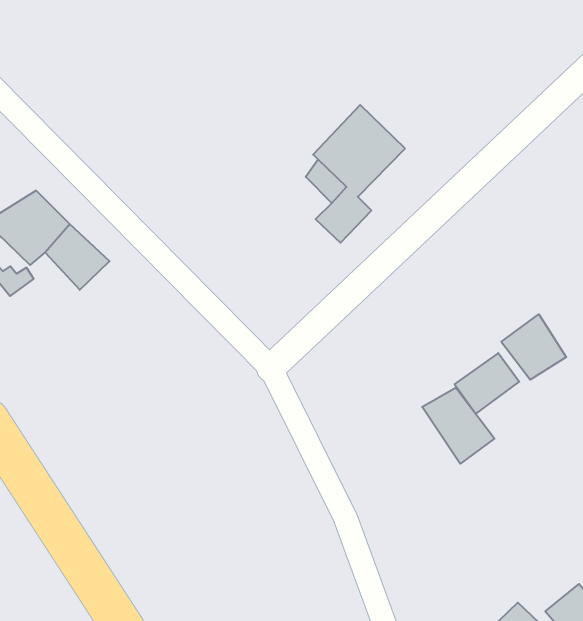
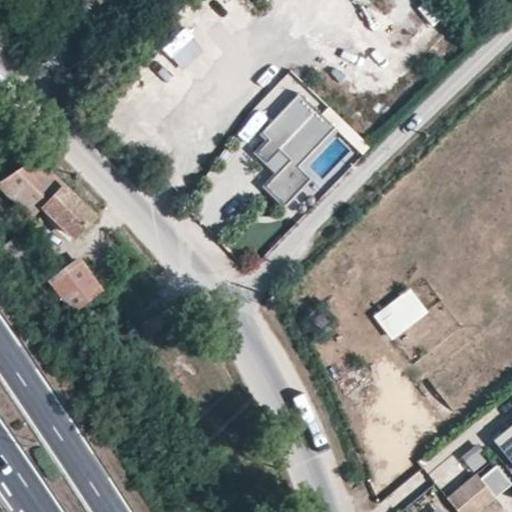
building: [501,314,566,380] -> none
building: none -> [51,266,101,316]
building: [422,387,494,464] -> none

